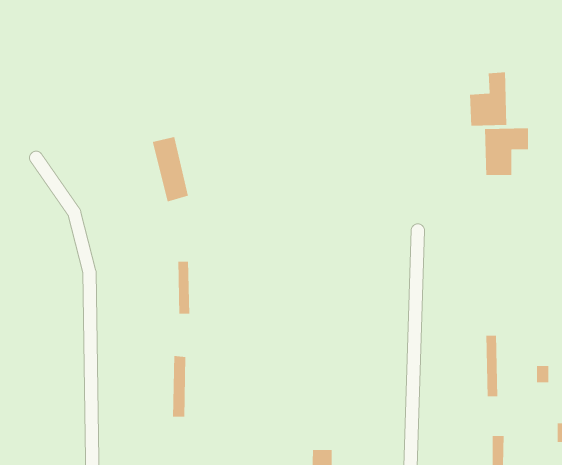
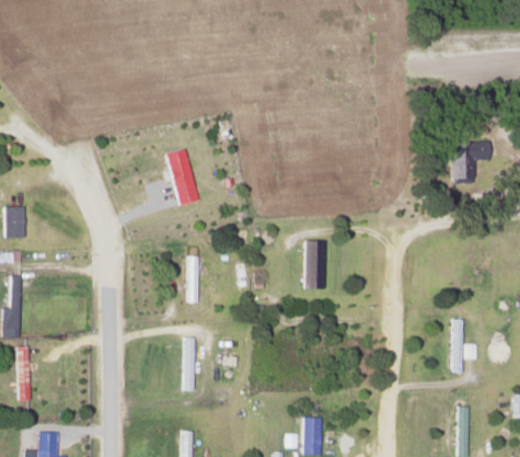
building: [469,72,507,126] -> none
building: none -> [304,240,325,288]

